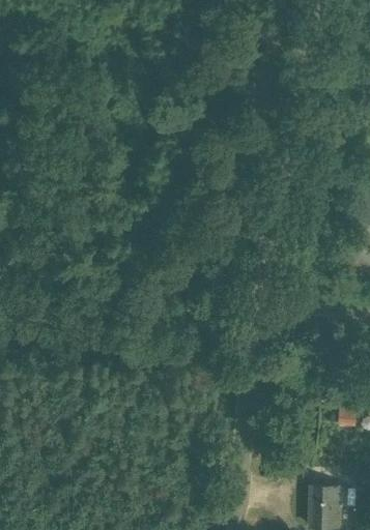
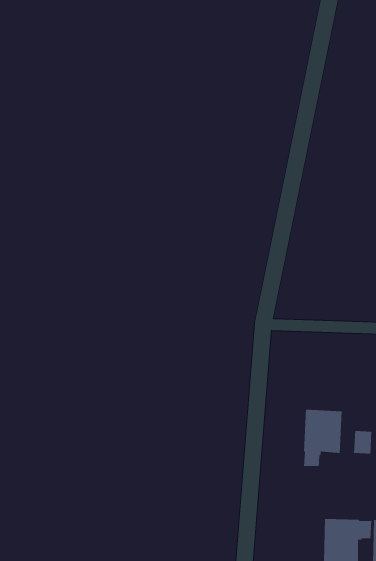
building: none -> [303,409,343,467]

